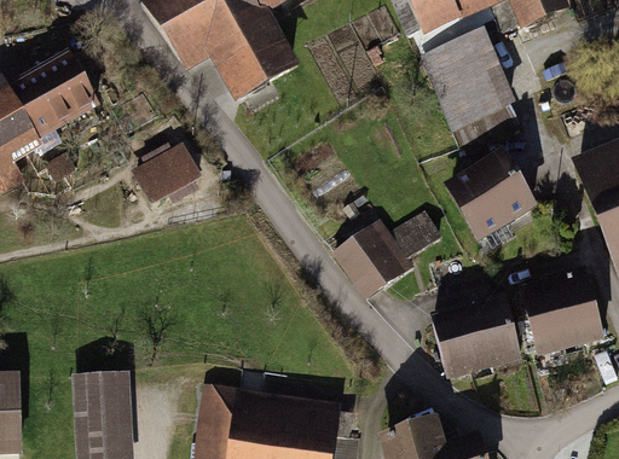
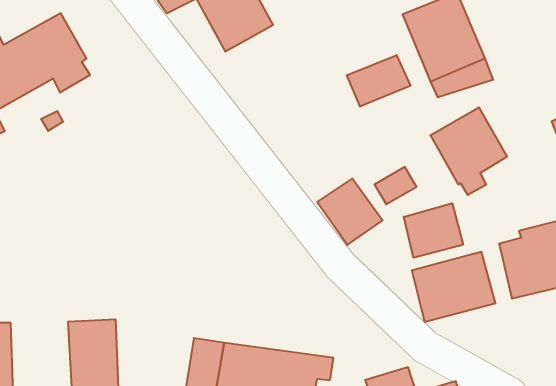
building: none -> [347,55,410,107]
building: [137,146,199,201] -> none
building: none -> [404,203,463,258]

